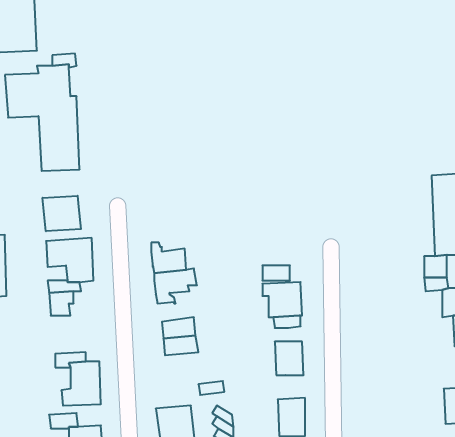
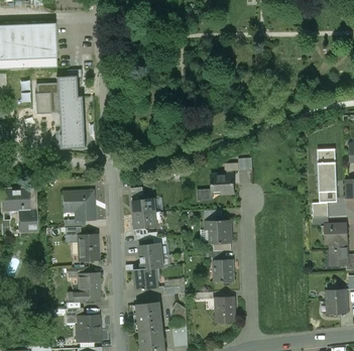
building: none -> [211,162,239,193]
building: [43,196,81,231] -> none
building: none -> [78,233,98,260]
building: none -> [133,266,163,289]

